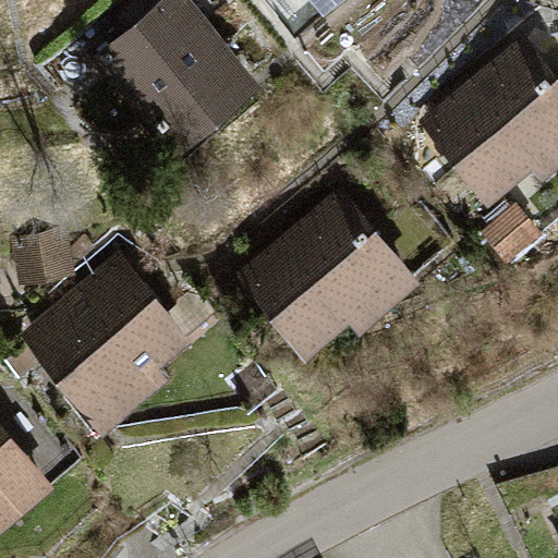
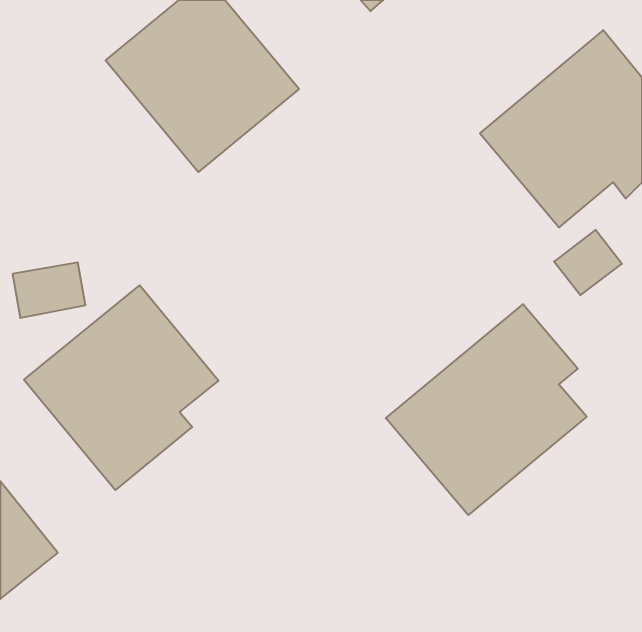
building: [238,191,417,355] -> none
building: none -> [386,304,587,515]

